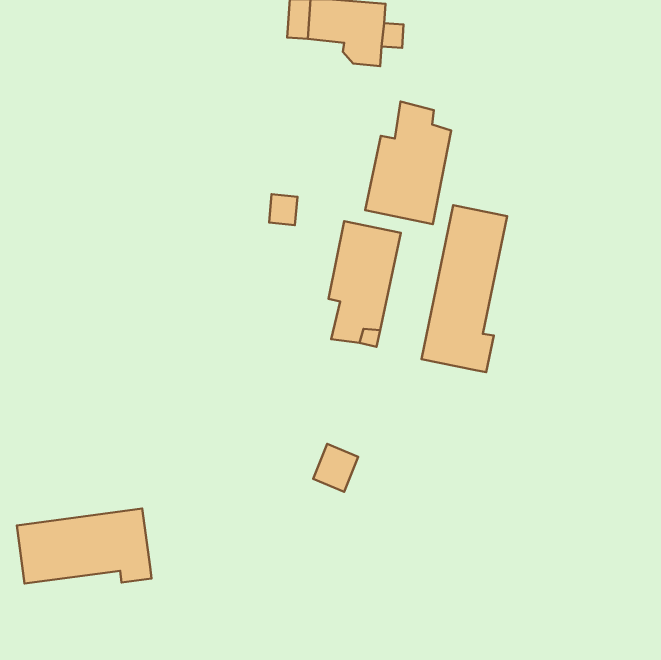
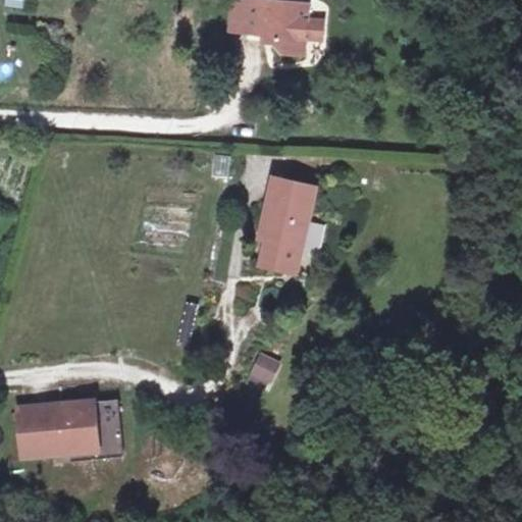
building: [365,102,451,224] -> none
building: [422,205,507,372] -> none

